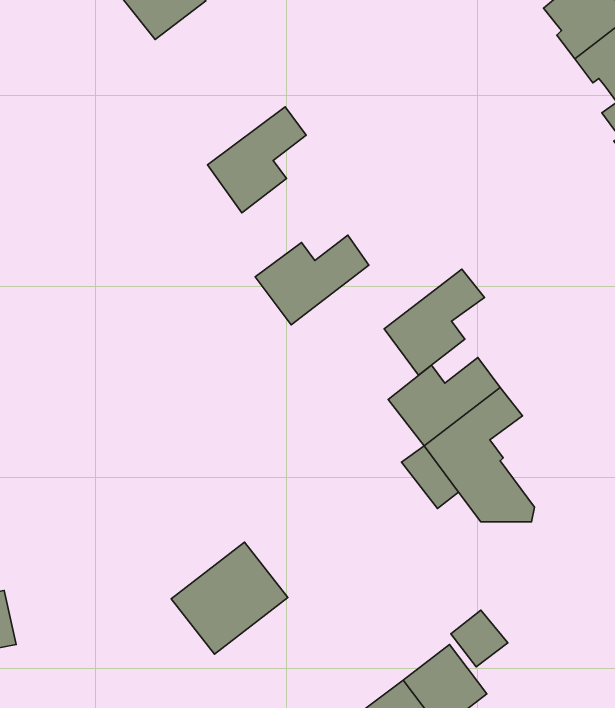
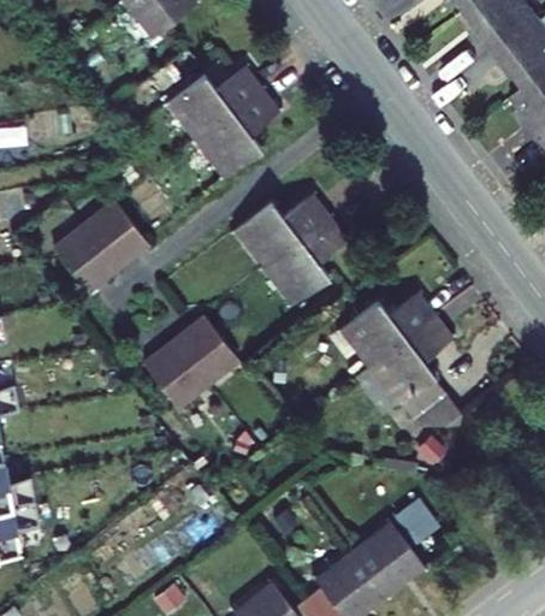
building: none -> [167,69,259,138]
building: none -> [54,202,148,292]
building: [384,269,484,375] -> [263,219,344,304]
building: [171,542,288,654] -> [144,318,238,408]

